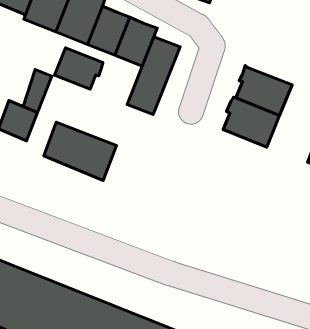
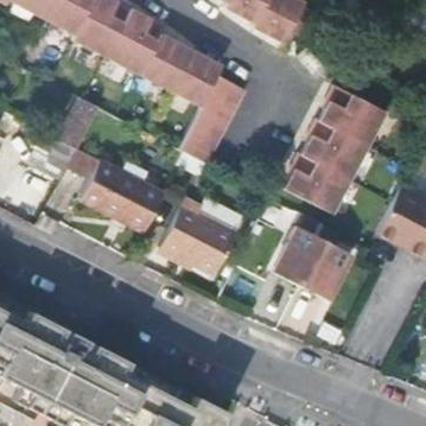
building: none -> [319,83,386,144]
building: [54,48,103,89] -> none
building: none -> [160,196,240,272]
building: none -> [276,224,350,293]

